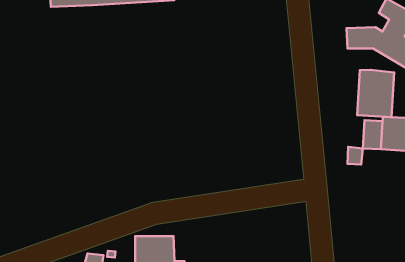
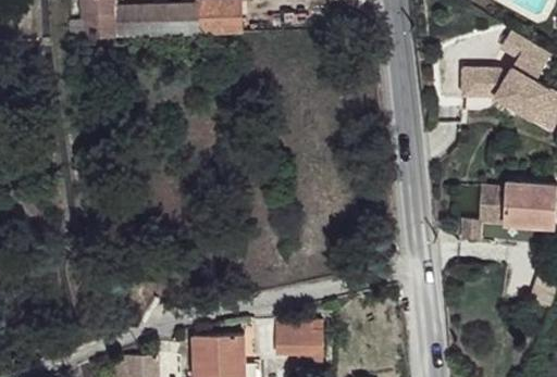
building: [357,70,394,117] -> none
building: none -> [275,327,320,354]

